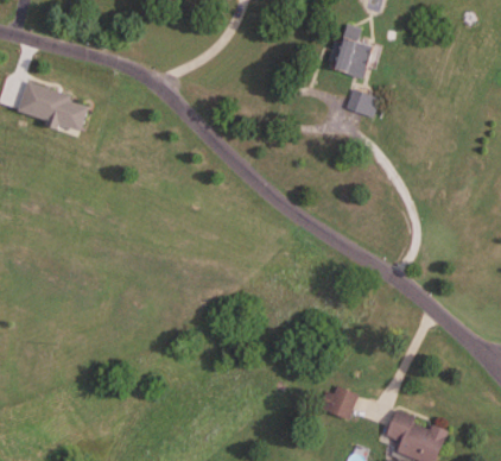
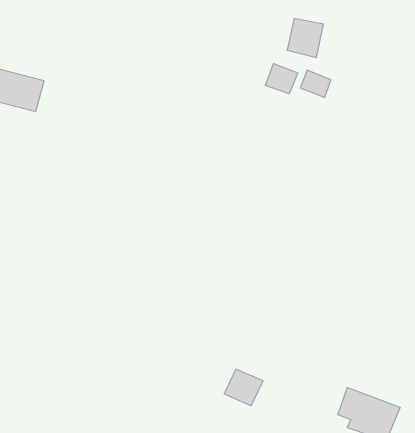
building: none -> [266,64,298,94]
building: [319,384,359,421] -> [224,369,263,406]

